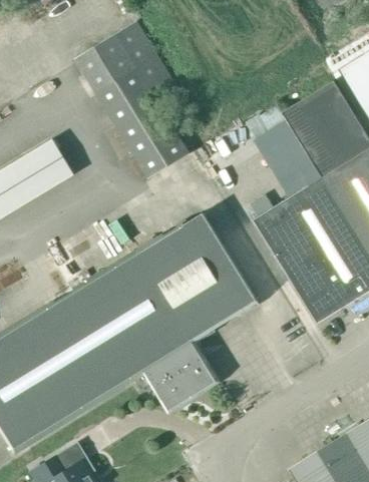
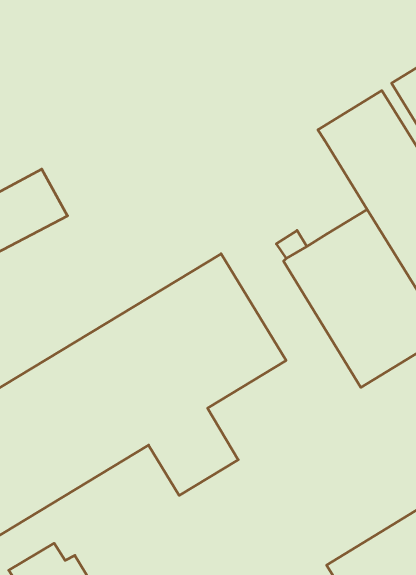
building: [74,20,189,178] -> none
building: [253,120,321,197] -> none

